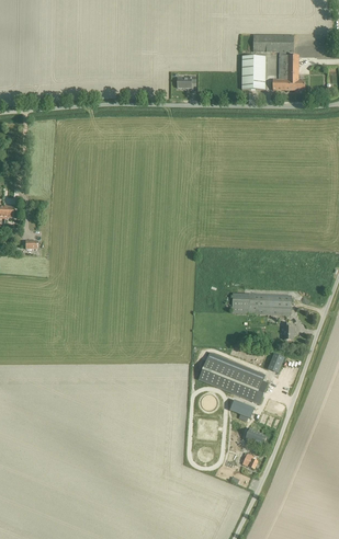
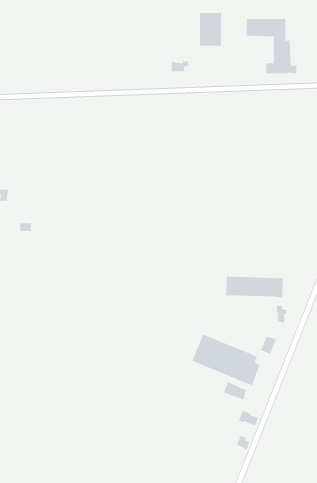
building: [242,56,265,90] -> [199,12,222,46]

